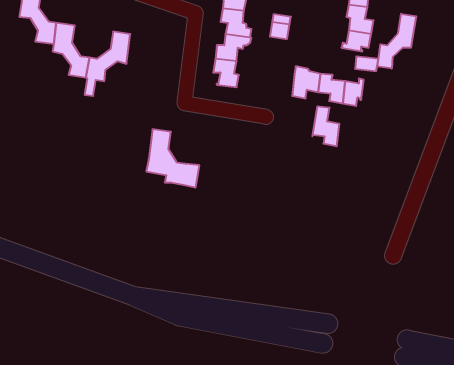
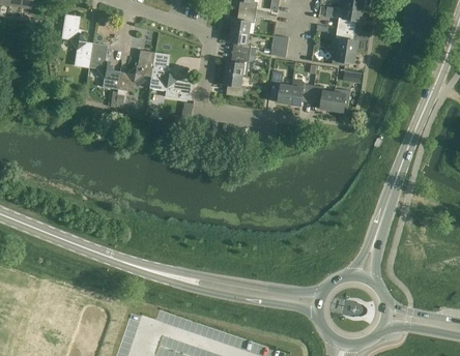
building: [378,14,416,69] -> none
building: [312,106,339,146] -> [269,70,292,103]
building: [146,129,199,187] -> [149,52,194,100]

